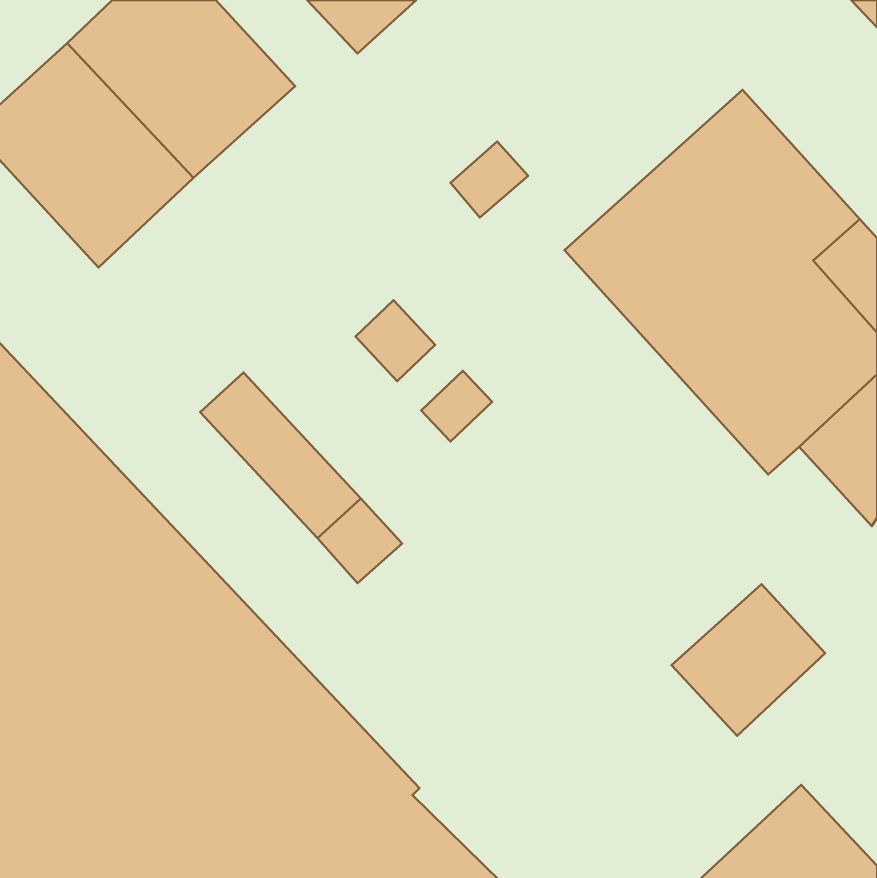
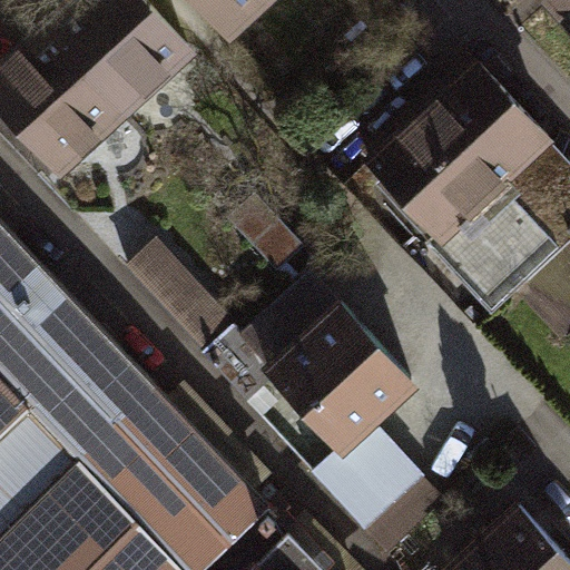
building: none -> [271,307,415,453]
building: [672,584,825,736] -> [326,433,425,531]

